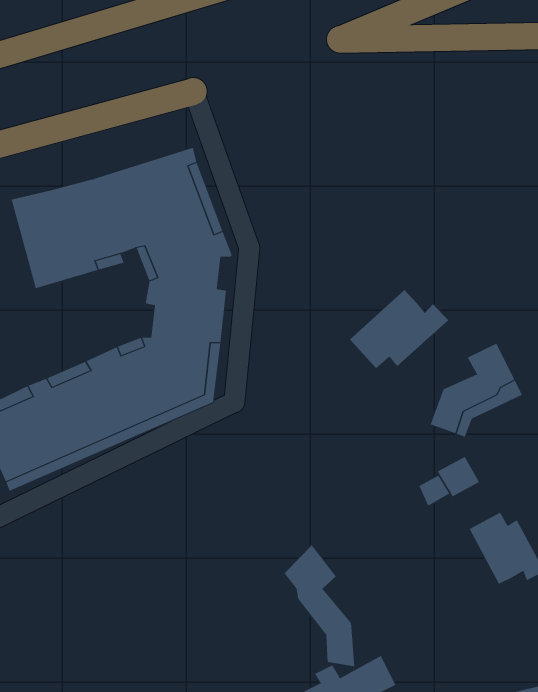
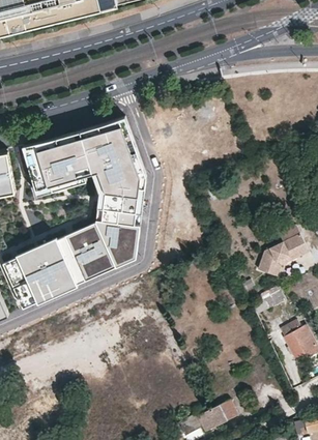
building: [349,289,449,369] -> none
building: [284,544,355,667] -> none

